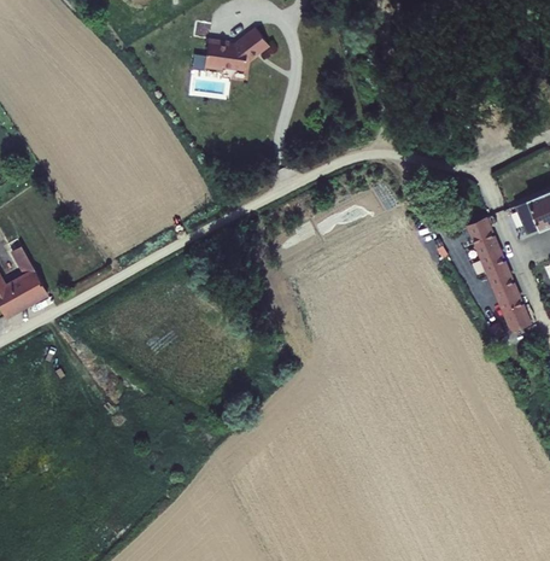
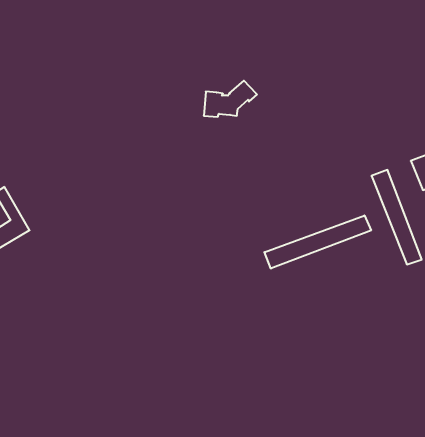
building: [212,21,276,64] -> [204,81,257,117]
building: none -> [264,215,371,269]

